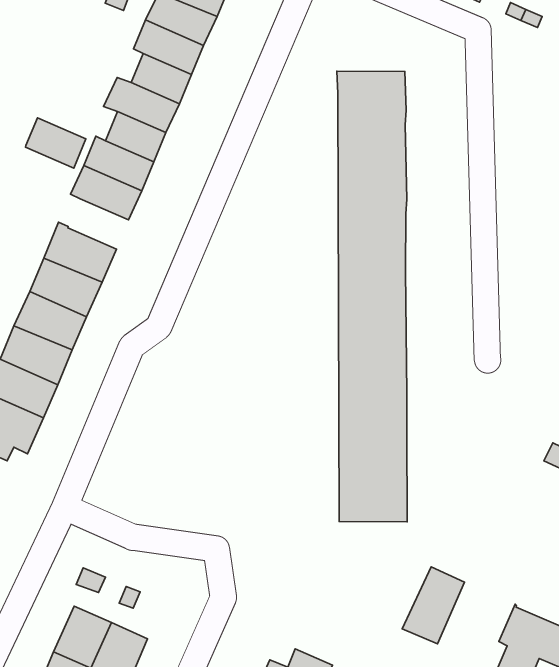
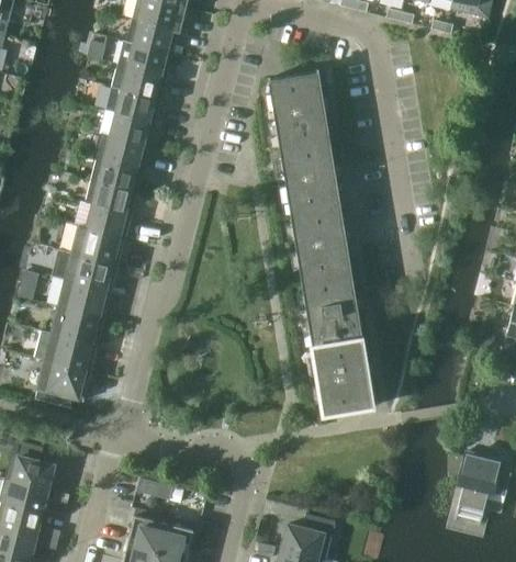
building: [25,118,86,168] -> [87,204,131,237]
building: [402,567,464,644] -> none

